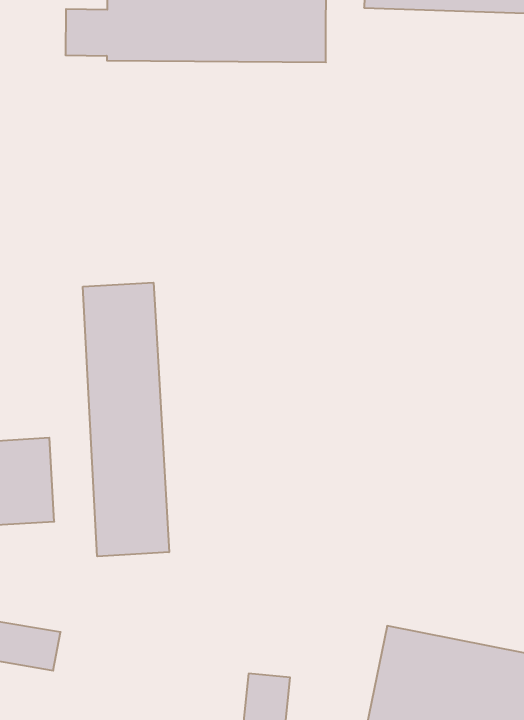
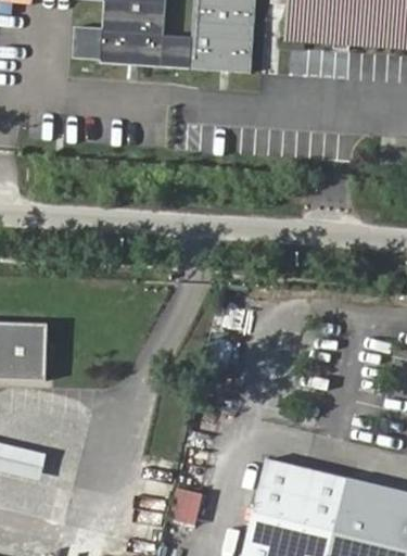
building: [83,283,169,556] -> none

